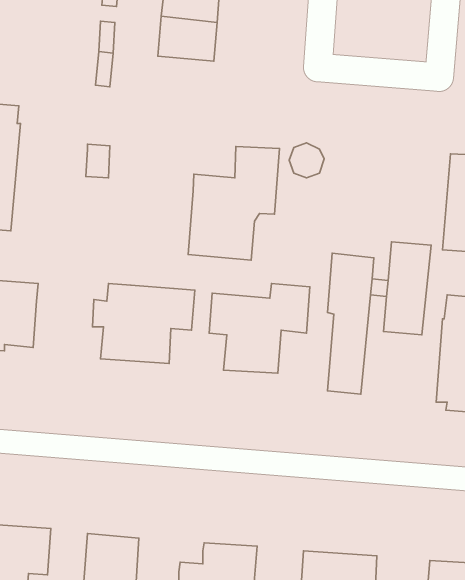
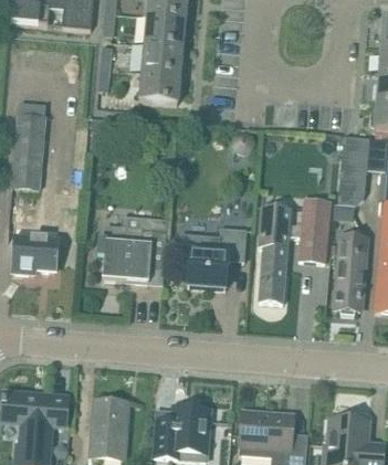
building: none -> [138,68,180,102]
building: [188,147,280,260] -> none

